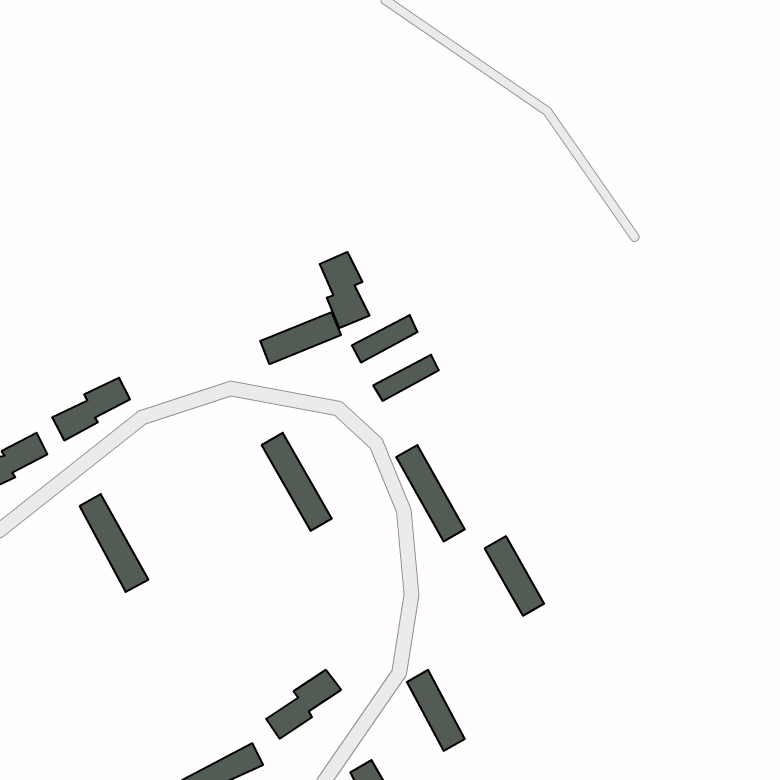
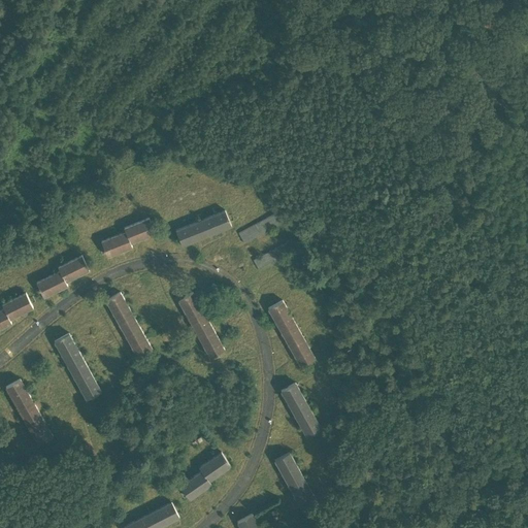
building: [320,252,369,328] -> none
building: none -> [100,220,154,258]
building: none -> [104,293,151,359]
building: [485,536,544,616] -> [279,384,320,437]
building: none -> [4,380,52,444]

